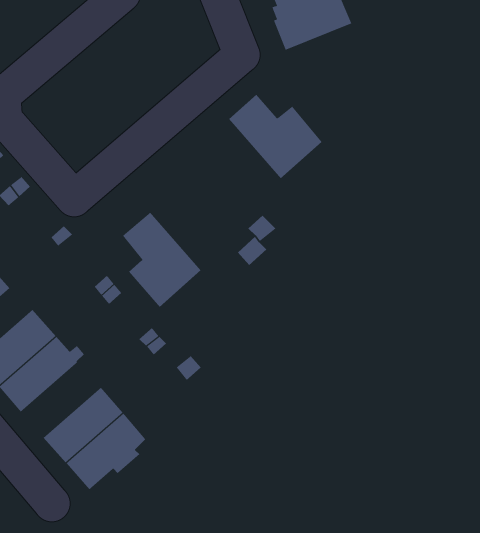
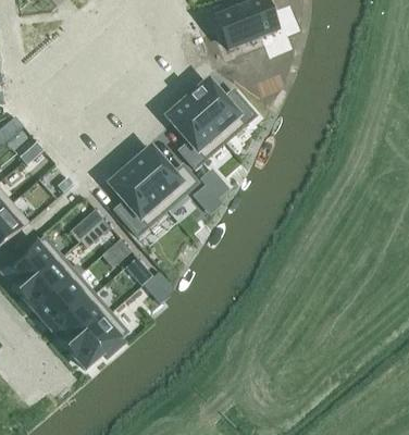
building: none -> [166,98,225,167]
building: none -> [131,147,198,208]
building: none -> [36,274,95,330]

